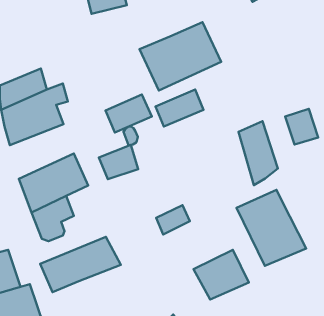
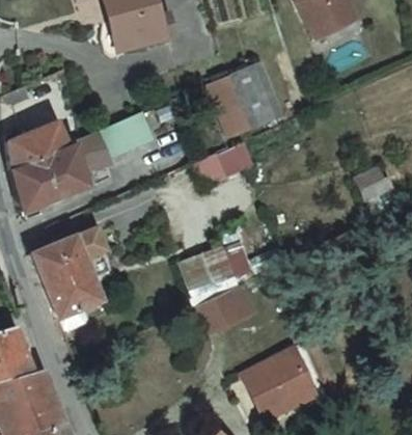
building: [106,95,152,133] -> [100,111,157,158]
building: [239,121,278,185] -> none
building: [99,145,138,179] -> [184,240,232,282]
building: [236,190,306,266] -> none
building: [40,237,121,292] -> none

